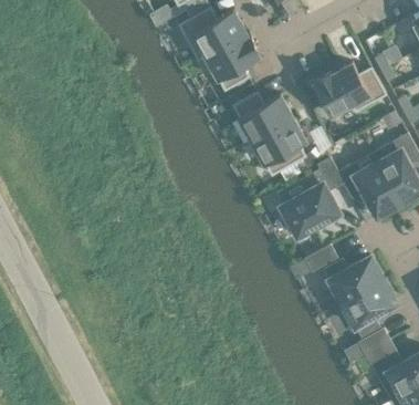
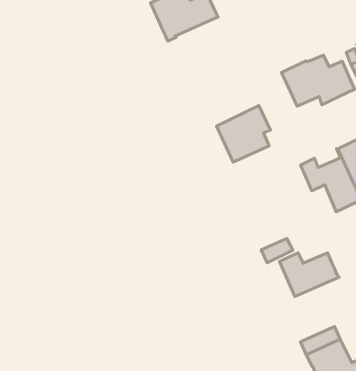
building: [205,31,259,91] -> none
building: [232,92,292,141] -> none
building: [276,158,343,235] -> none
building: [342,280,396,336] -> none

